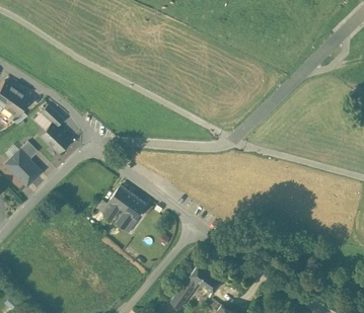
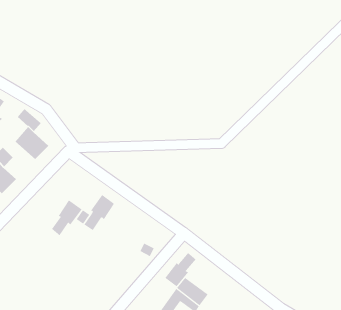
building: [117,195,146,230] -> [51,200,82,236]
building: none -> [165,252,196,287]

